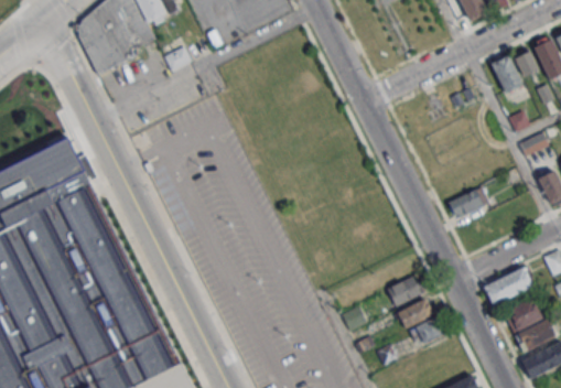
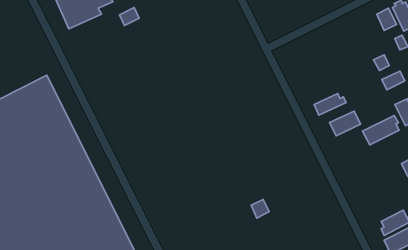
building: [490,55,521,93] -> none
building: none -> [314,93,346,115]
building: [483,266,532,305] -> [362,116,399,145]
building: [386,273,425,306] -> none
building: [396,298,443,347] -> none
building: [504,298,542,332] -> none

